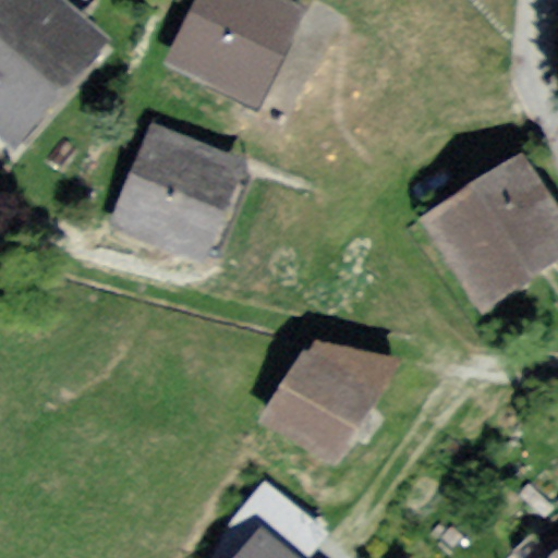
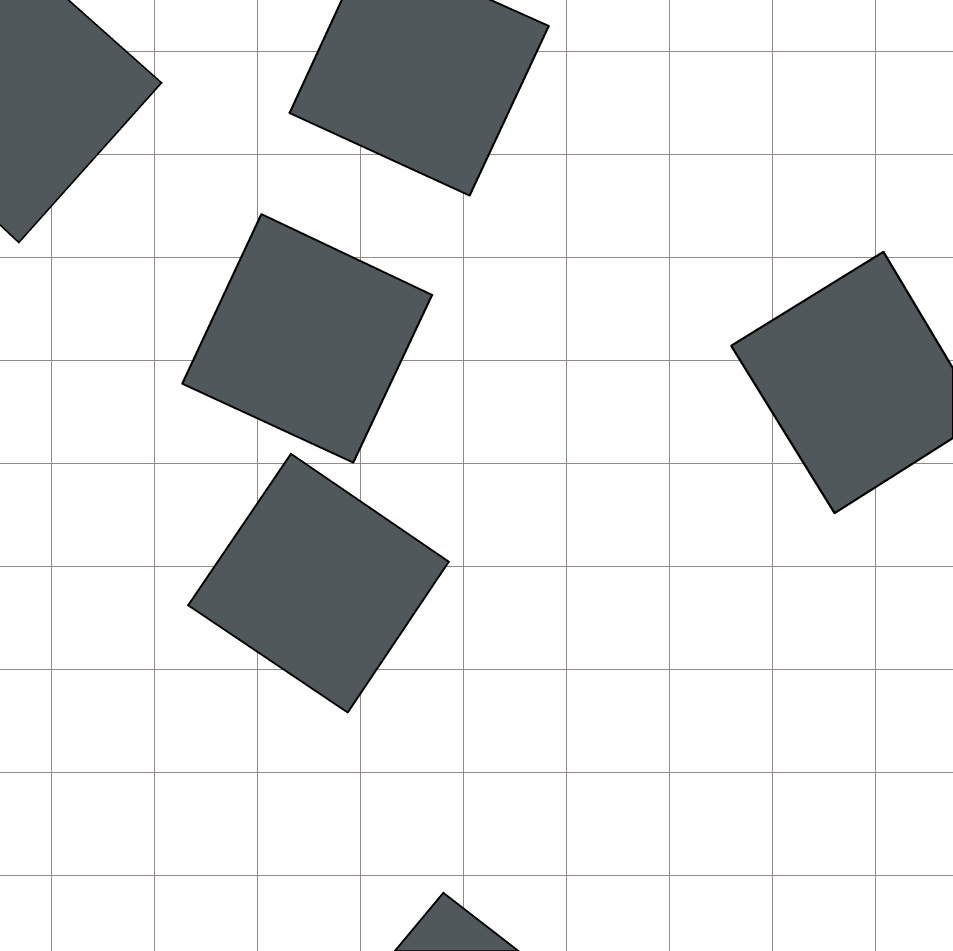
building: none -> [188,454,449,712]
building: [252,324,402,476] -> none

